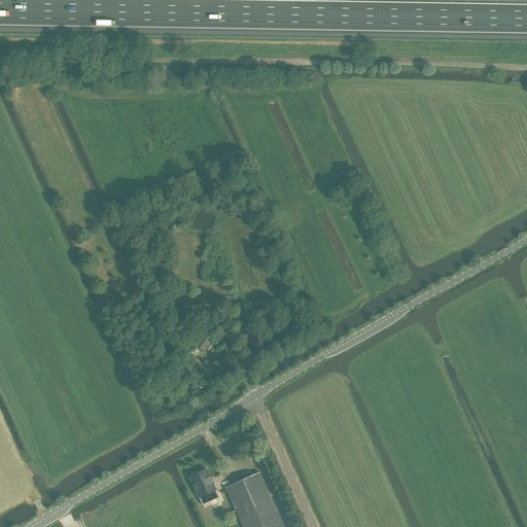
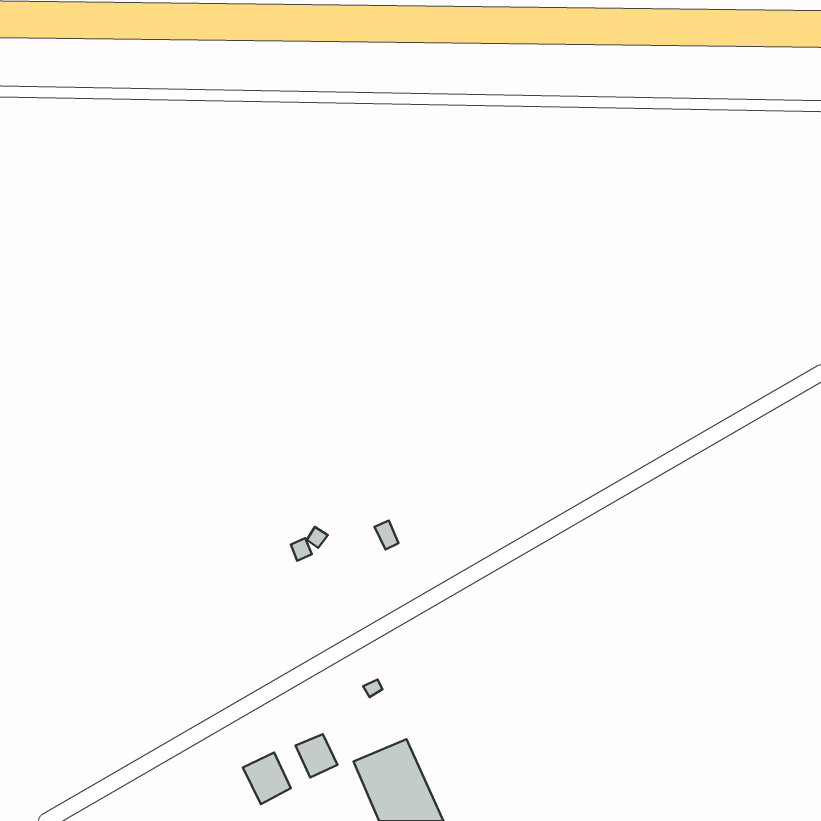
building: none -> [243,753,291,804]

